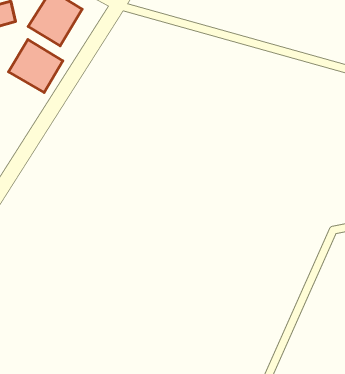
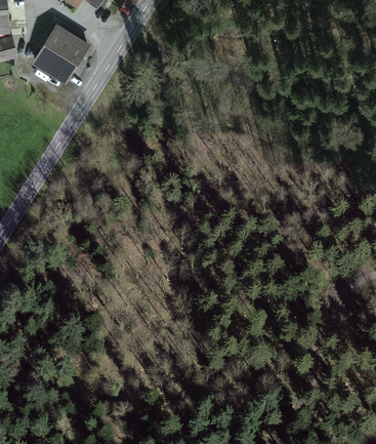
building: [9,40,63,92] -> none

